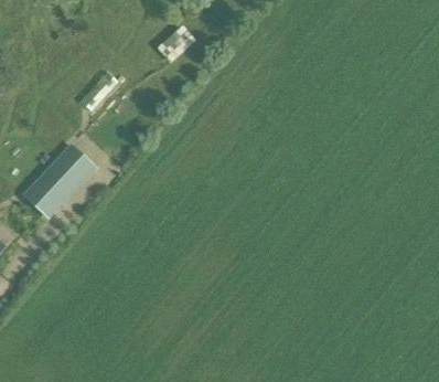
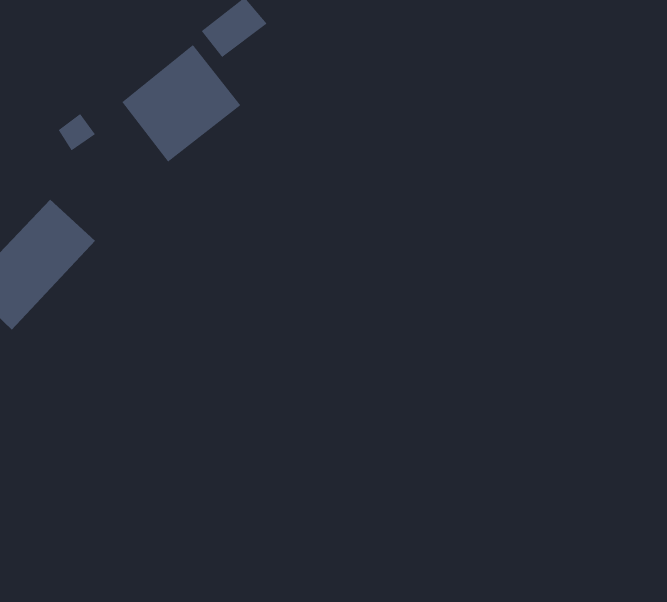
building: none -> [121,44,241,163]

